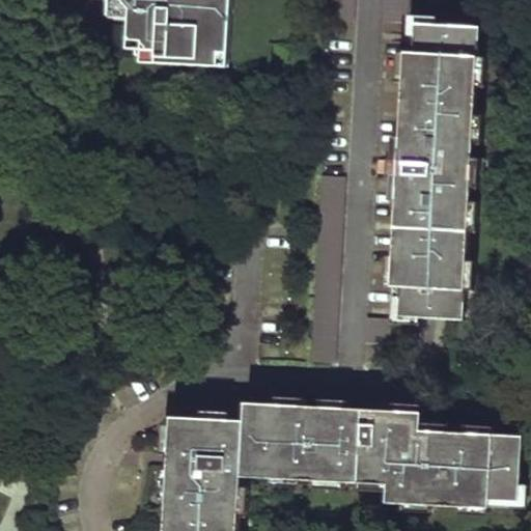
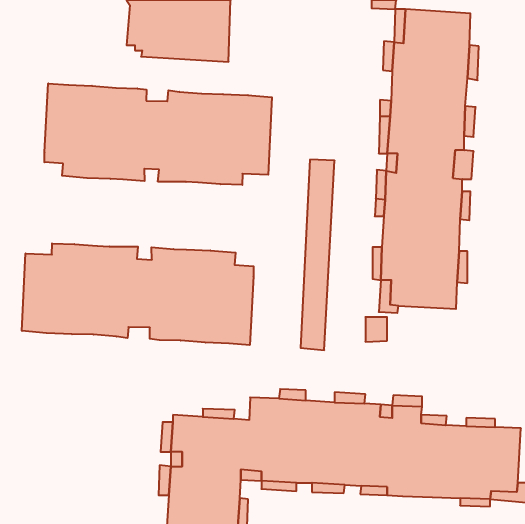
building: none -> [44,83,272,185]
building: none -> [22,243,254,345]

